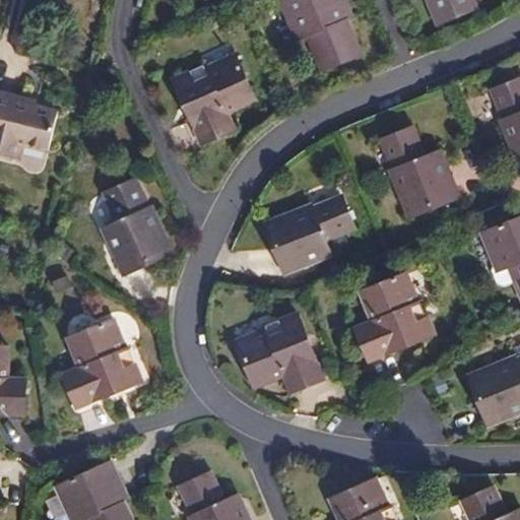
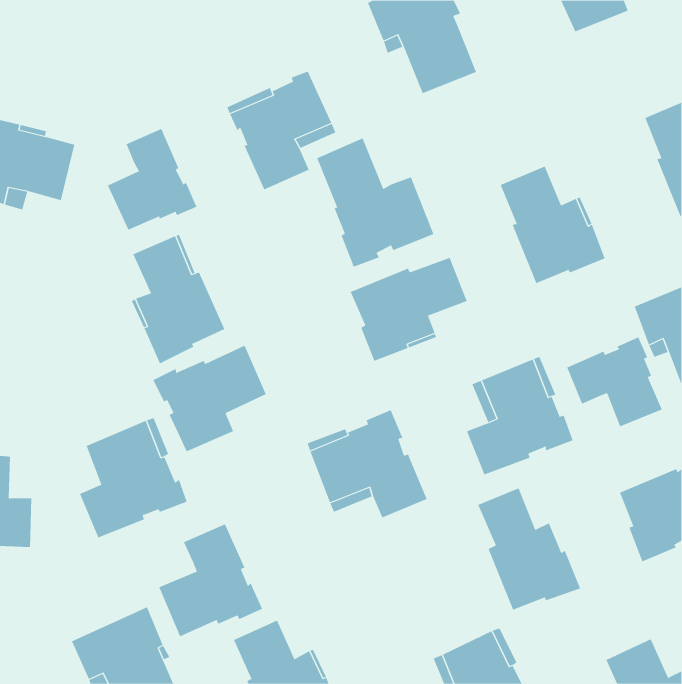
building: none -> [107,128,197,230]
building: none -> [317,137,434,268]
building: none -> [566,337,663,427]
building: none -> [153,345,267,452]
building: none -> [477,487,581,610]
building: none -> [159,524,263,637]

